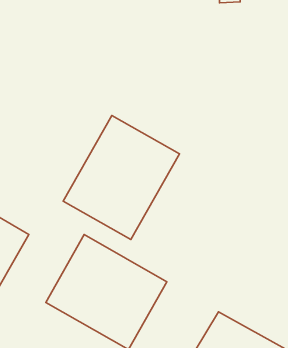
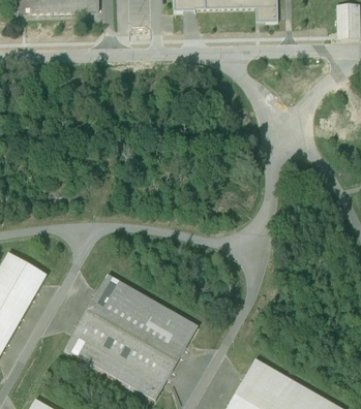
building: [63,116,179,240] -> none

